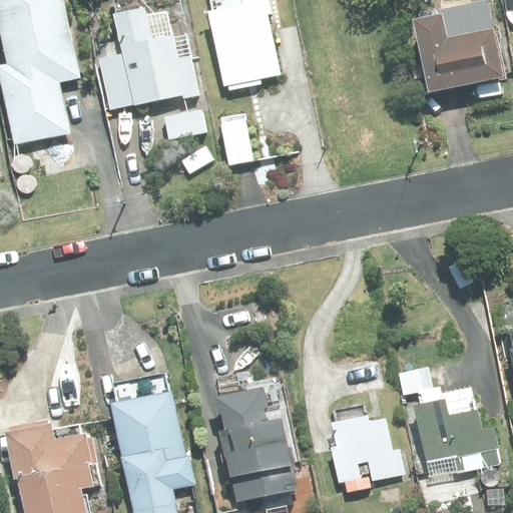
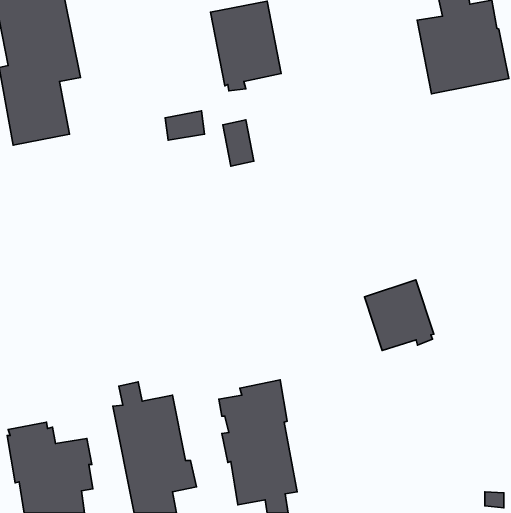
building: [97,11,195,107] -> none
building: none -> [364,280,434,350]
building: [397,367,498,478] -> none
building: [330,416,405,483] -> none

